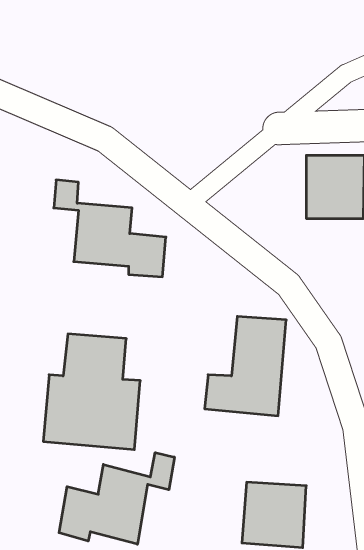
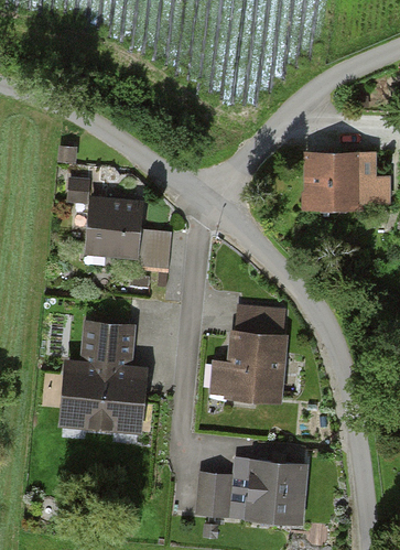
building: [59,453,174,544] -> none
building: none -> [197,472,234,515]

